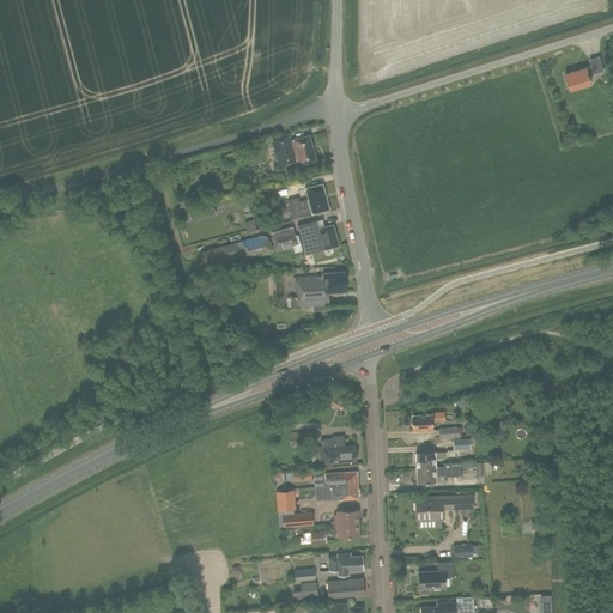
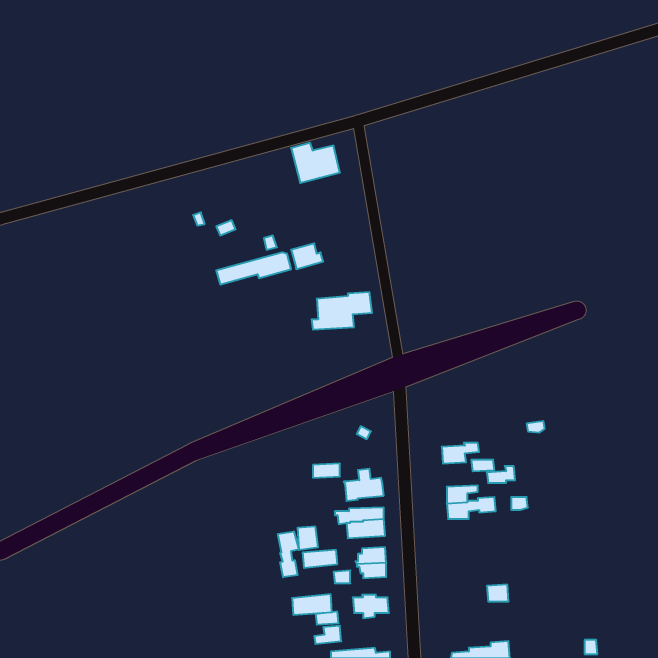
building: [565,56,603,90] -> none
building: [287,183,329,219] -> none
building: [297,220,339,257] -> none
building: none -> [278,531,299,577]
building: [415,494,473,520] -> none
building: [418,562,454,594] -> none
building: [327,578,364,597] -> [292,594,332,615]

